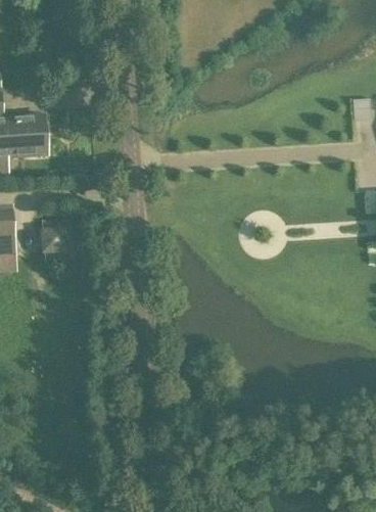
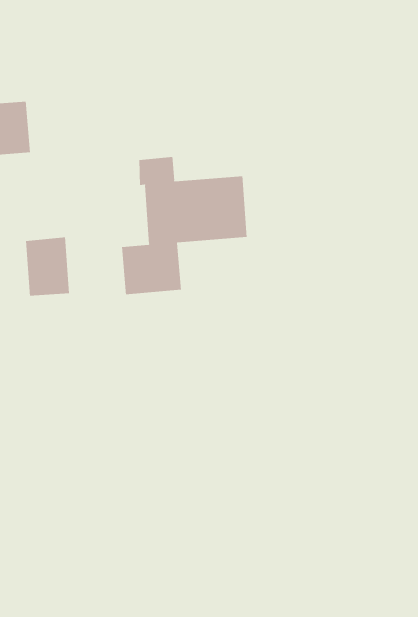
building: none -> [121,156,247,295]

